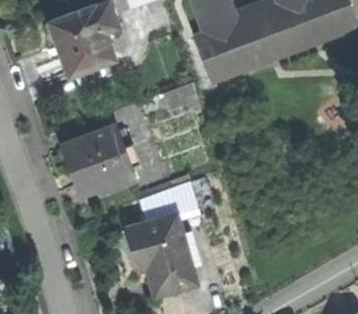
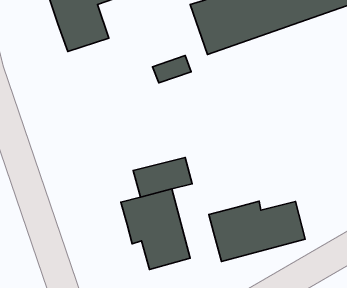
building: [64,130,141,192] -> none
building: none -> [209,201,305,261]

